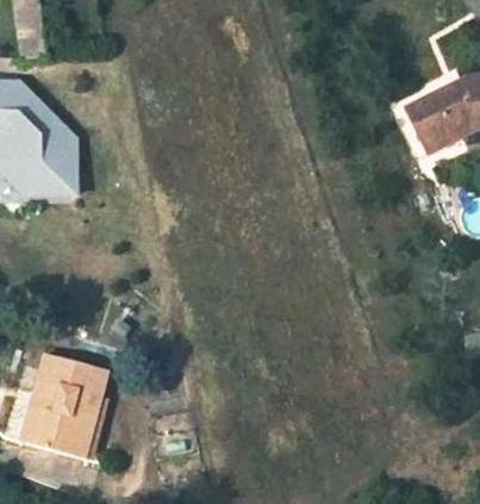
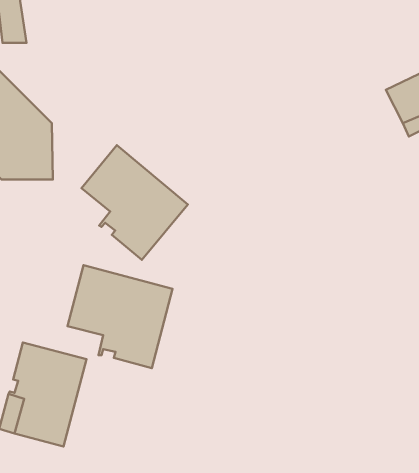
building: none -> [81,145,188,260]
building: none -> [67,265,173,368]

